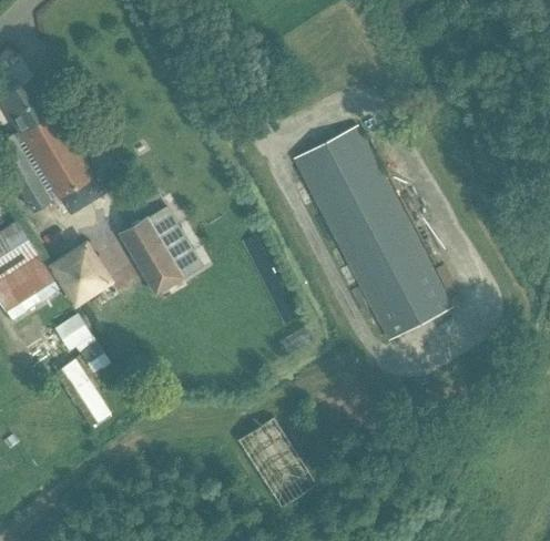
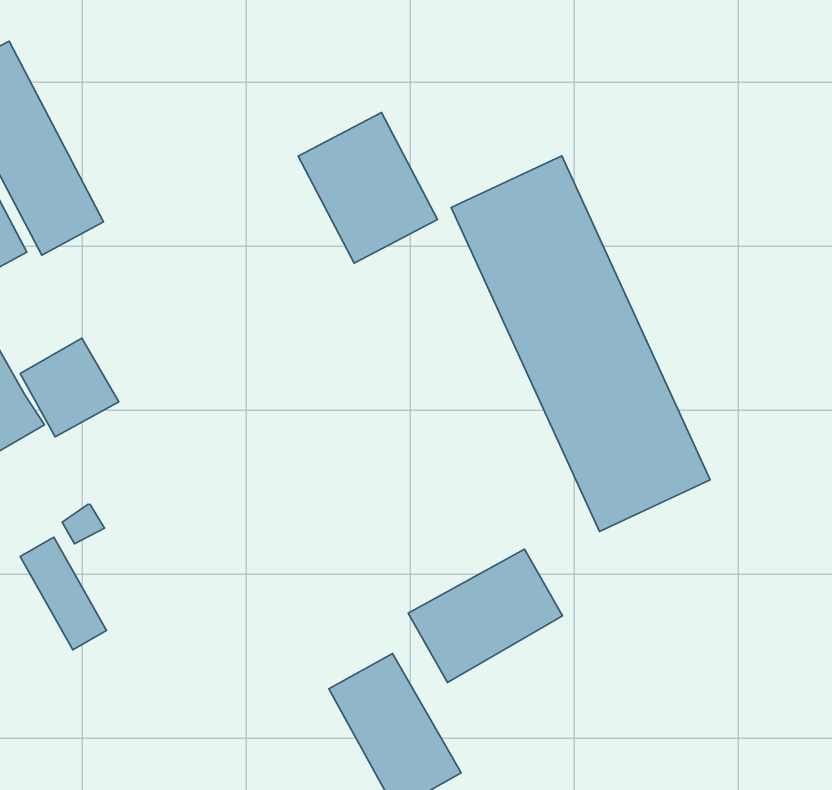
building: [120,206,202,294] -> [298,112,437,263]
building: [54,314,90,349] -> none
building: none -> [408,549,563,683]

